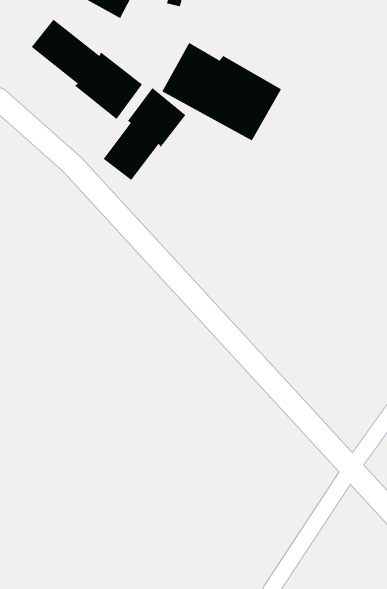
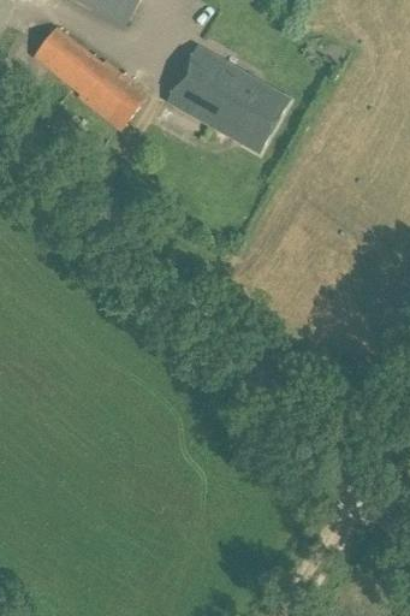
building: [103,87,186,181] -> none

